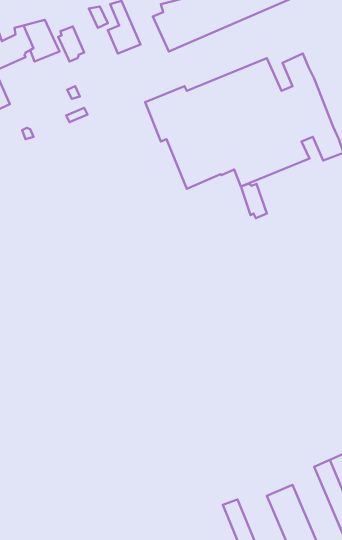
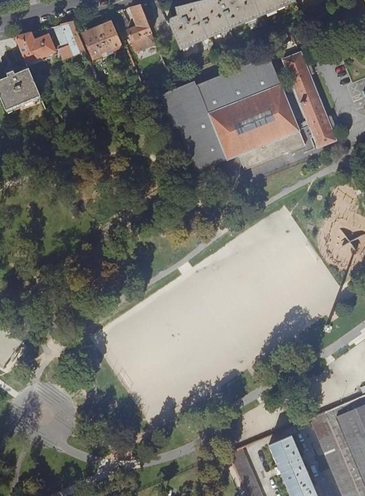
building: none -> [97,22,122,50]
building: [241,184,267,218] -> none

